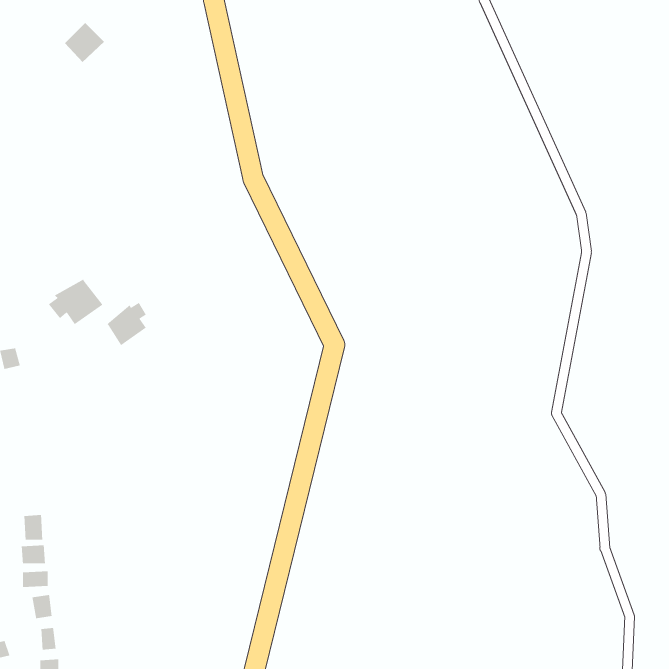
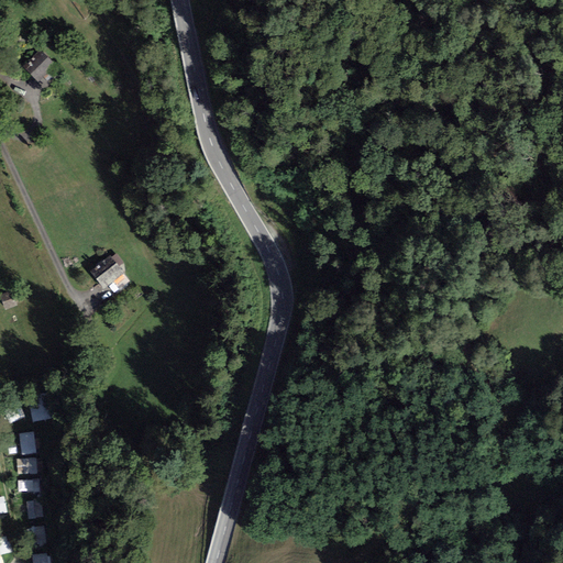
building: [64,22,105,63] -> [21,49,55,84]
building: [48,278,103,325] -> none

